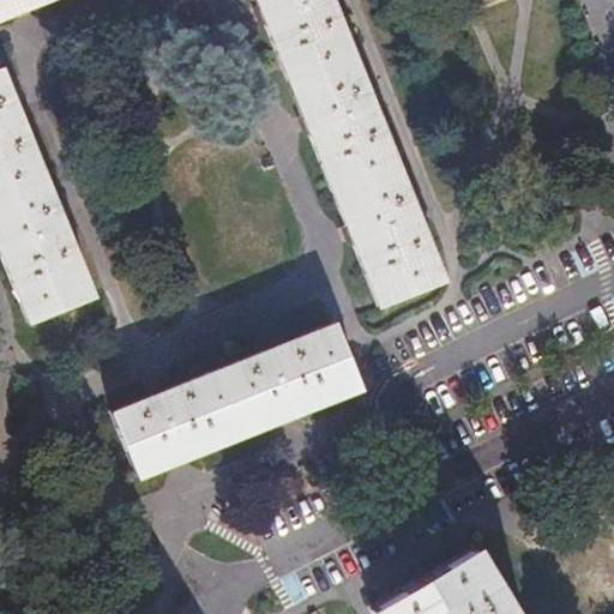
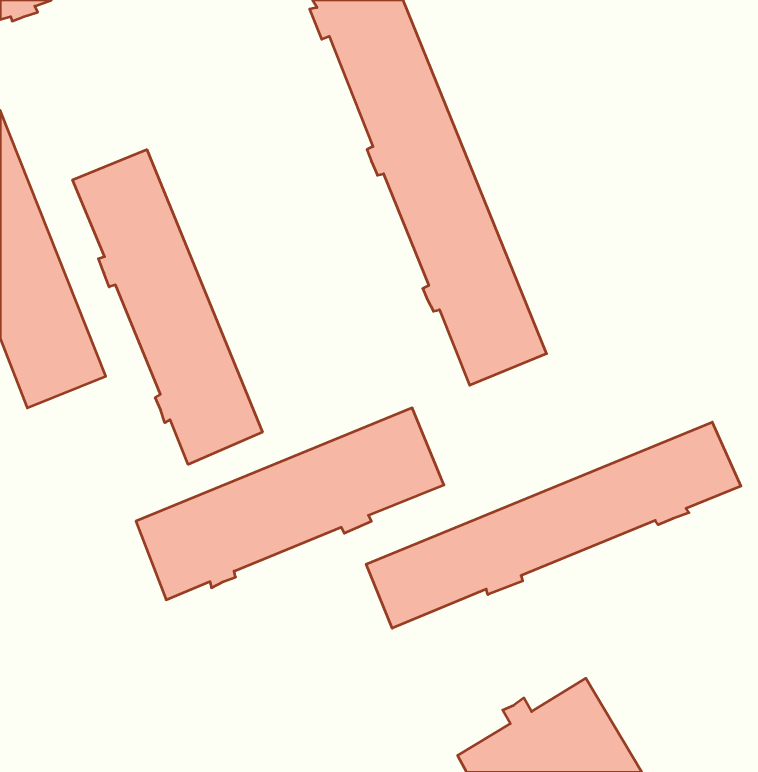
building: none -> [73,150,262,464]
building: none -> [366,422,741,628]

